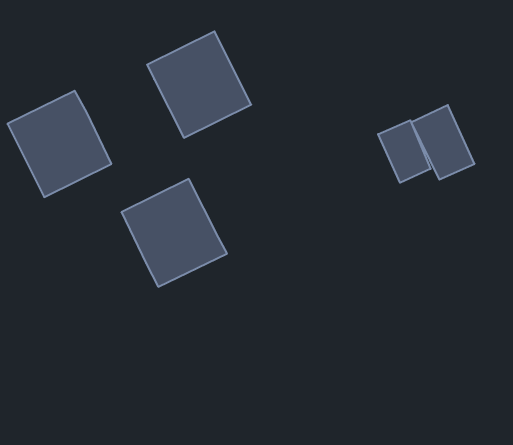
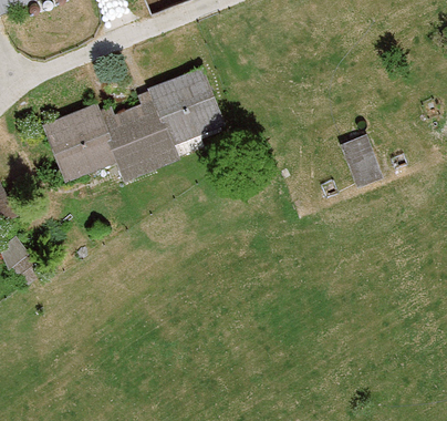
building: [378,120,431,183] -> none
building: [121,179,227,287] -> [102,100,177,177]

